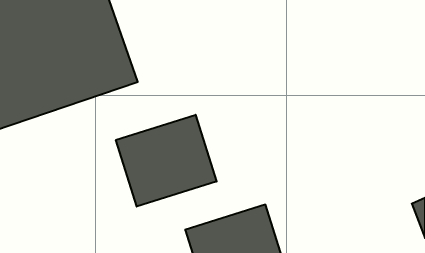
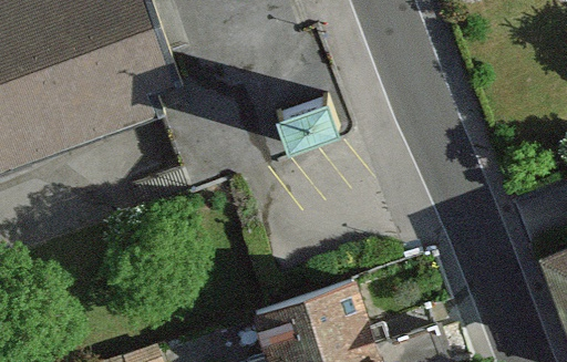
building: [116,115,217,207] -> none

